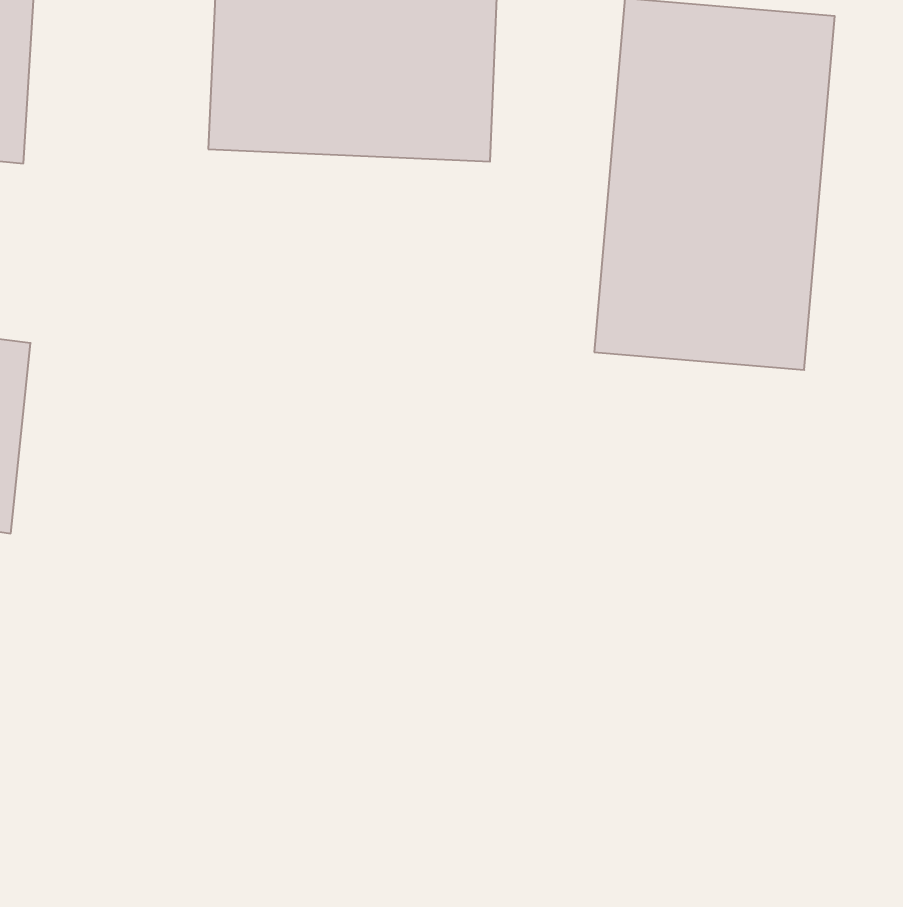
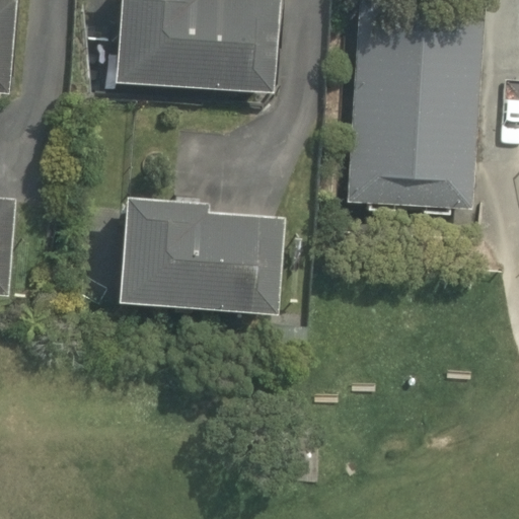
building: none -> [121,200,290,317]

